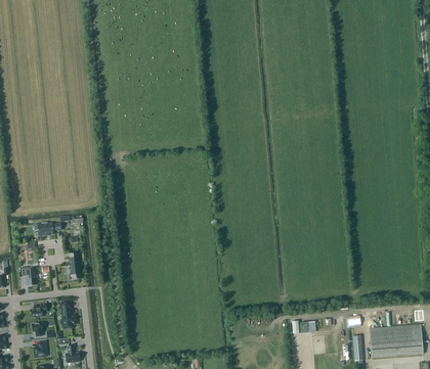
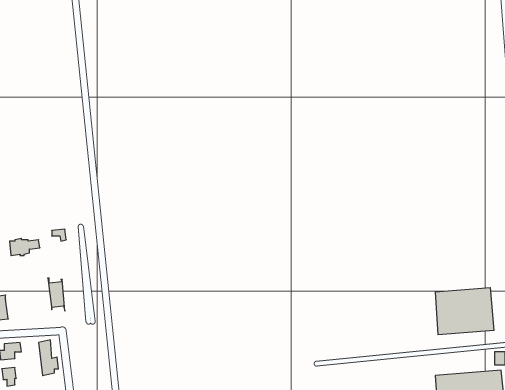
building: none -> [435,288,494,335]

